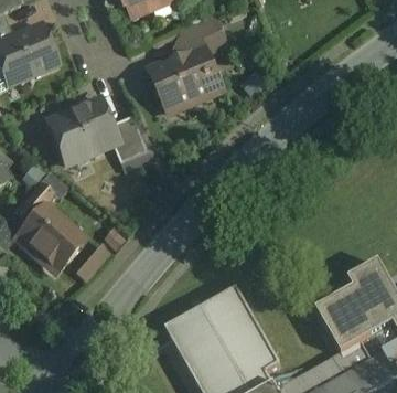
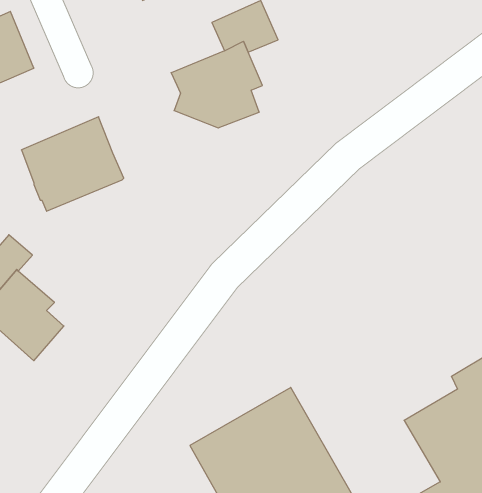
building: [111,114,149,160] -> none

